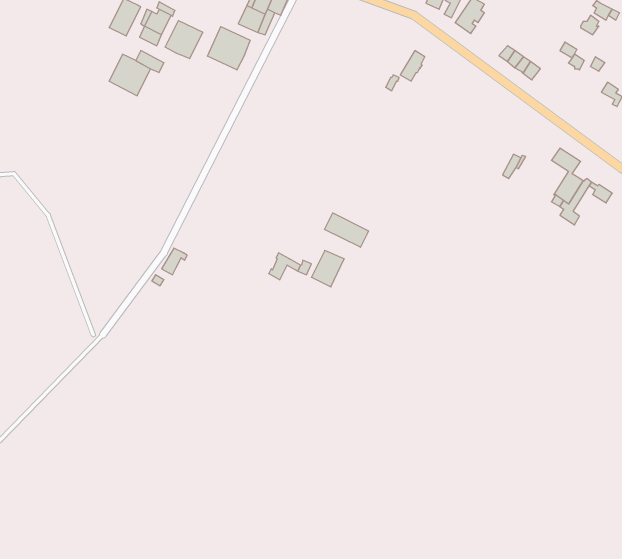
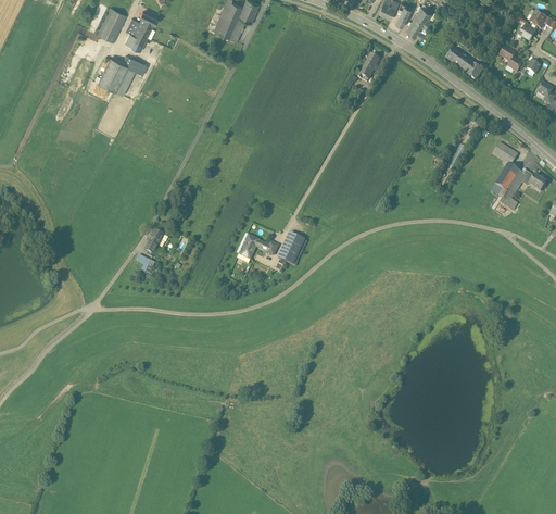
building: [165,21,203,59] -> none
building: [208,27,250,70] -> none
building: [325,213,369,247] -> none

